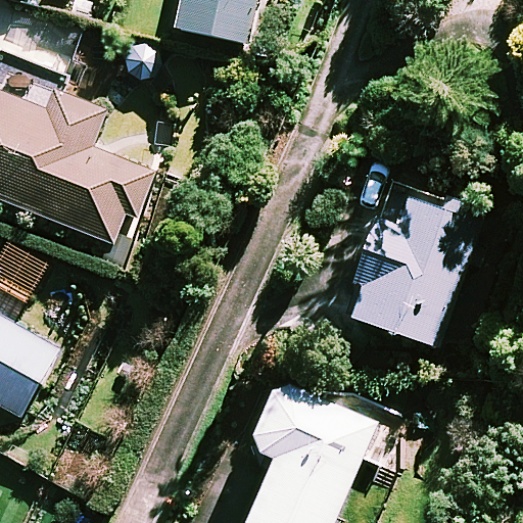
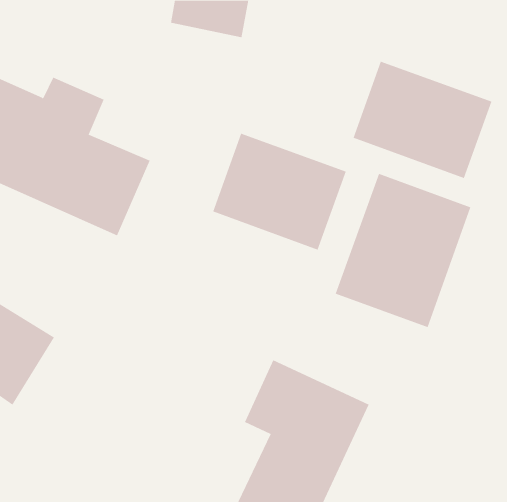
building: none -> [353,61,492,179]
building: none -> [213,133,347,251]

